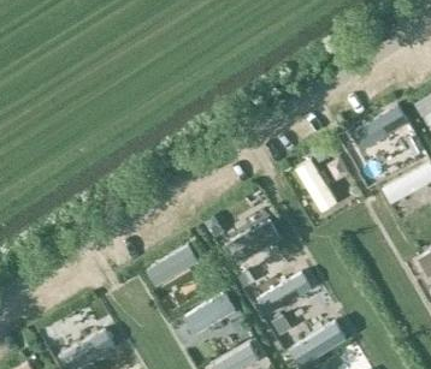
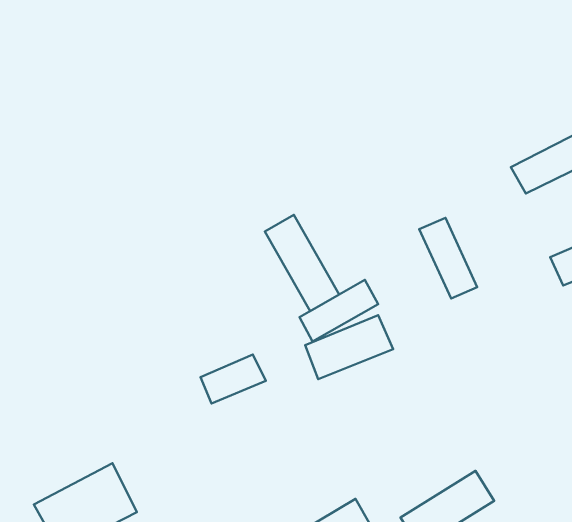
building: none -> [265,215,339,311]
building: [254,275,308,319] -> none
building: [183,291,237,338] -> none

